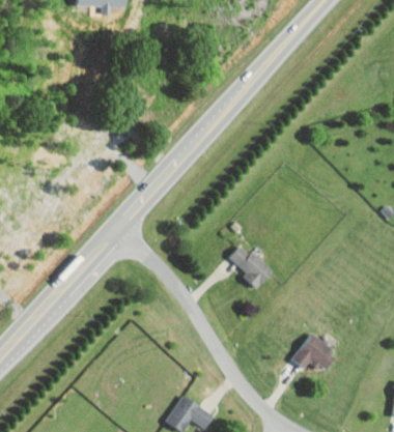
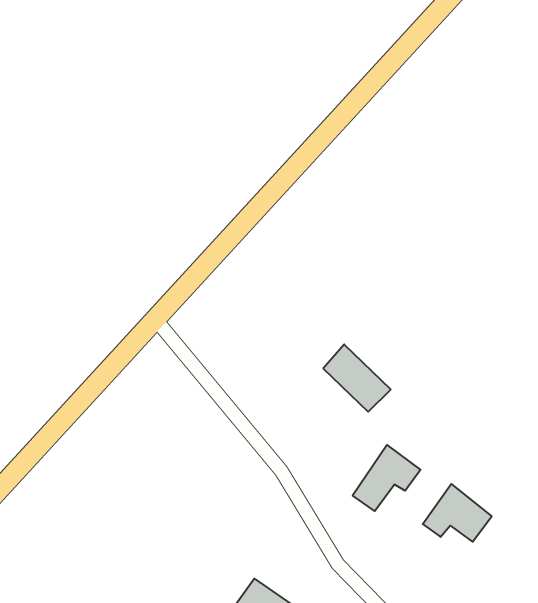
building: none -> [353,445,421,511]

